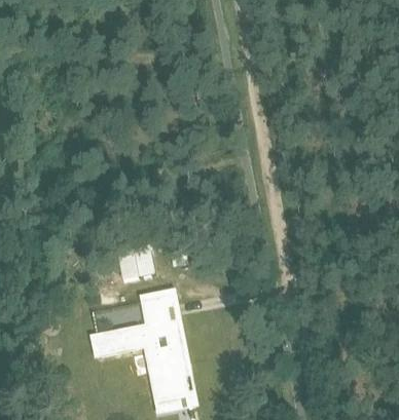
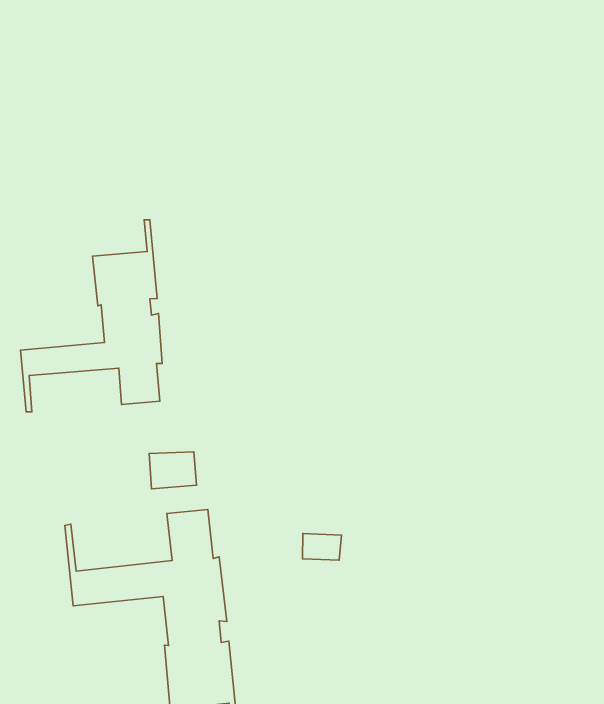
building: none -> [21,220,162,412]

